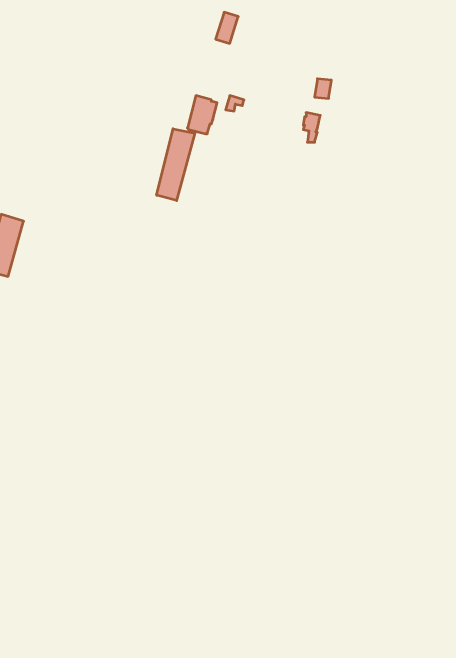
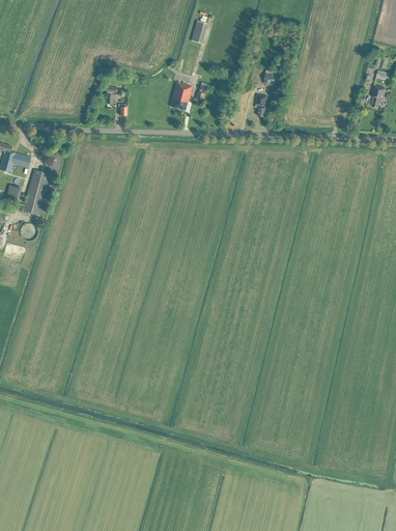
building: [157,129,195,201] -> none

